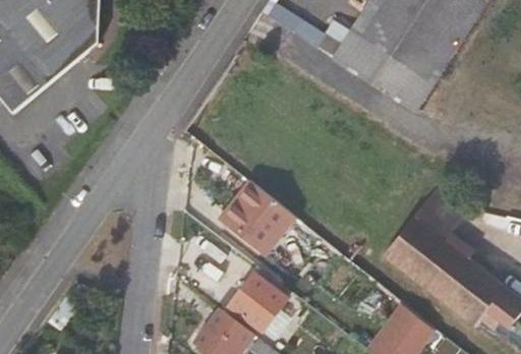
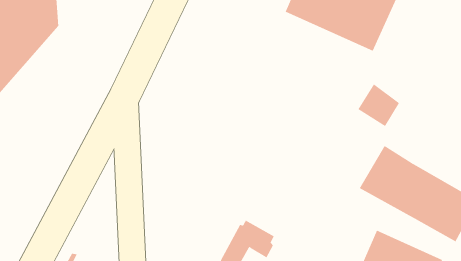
building: [220,182,289,253] -> none
building: [415,188,460,235] -> [357,83,400,127]

